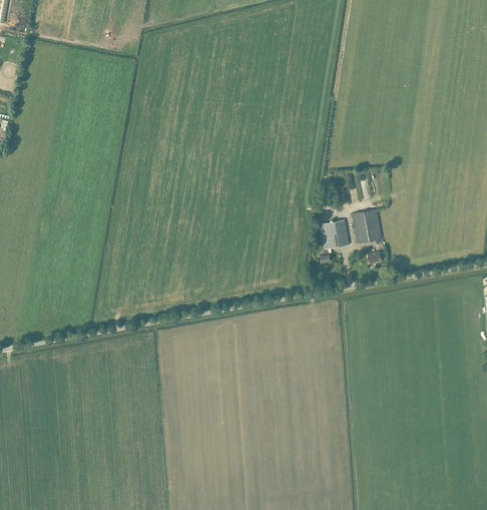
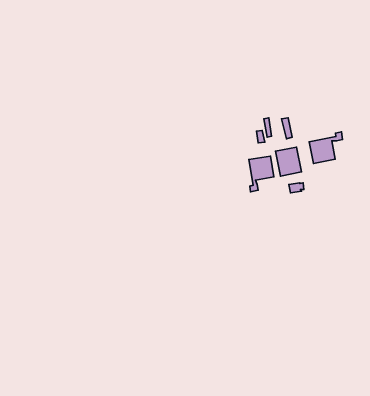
building: none -> [309,132,343,163]

